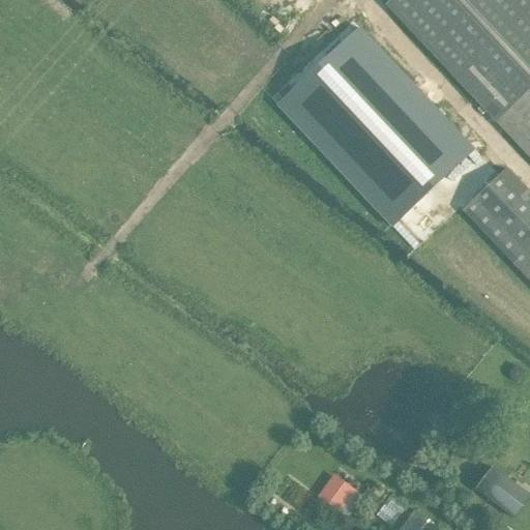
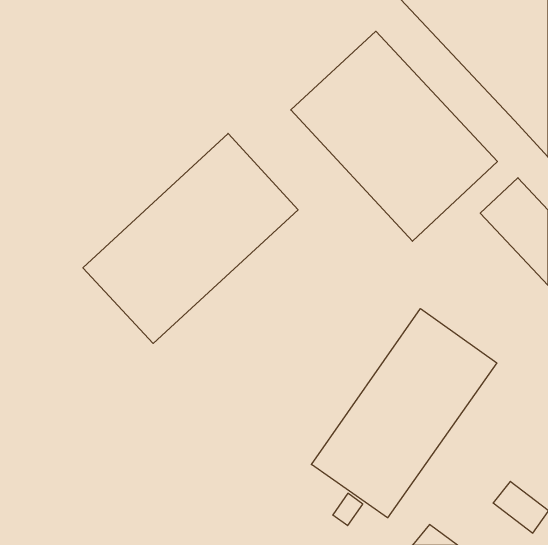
building: none -> [83,133,298,343]
building: none -> [311,309,497,518]

